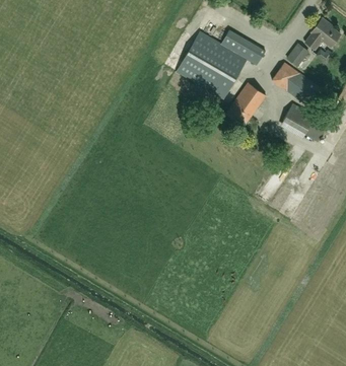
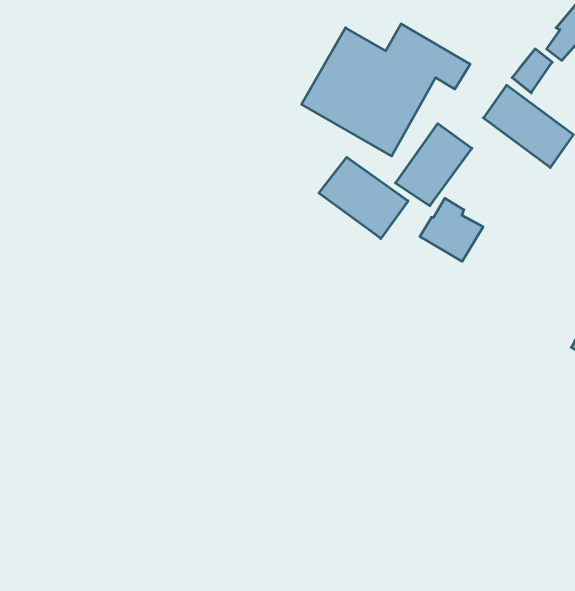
building: none -> [319,157,408,239]
building: [282,105,316,139] -> [420,198,483,261]

